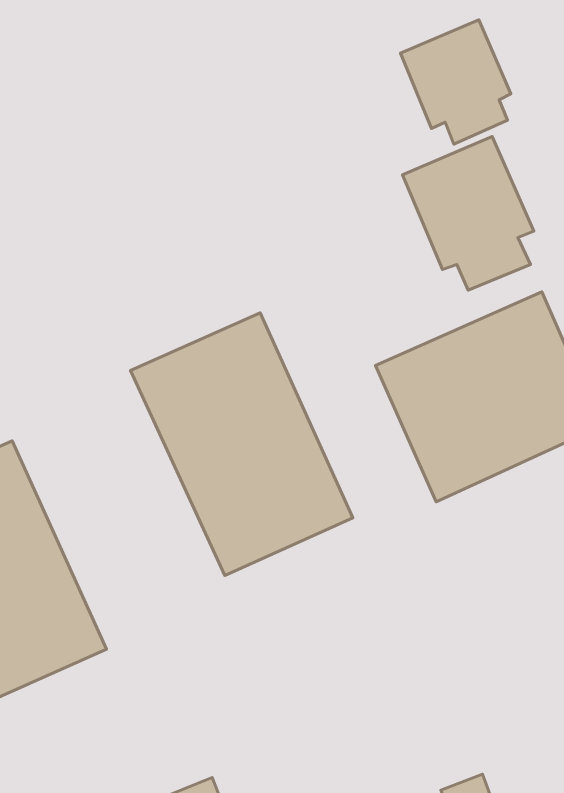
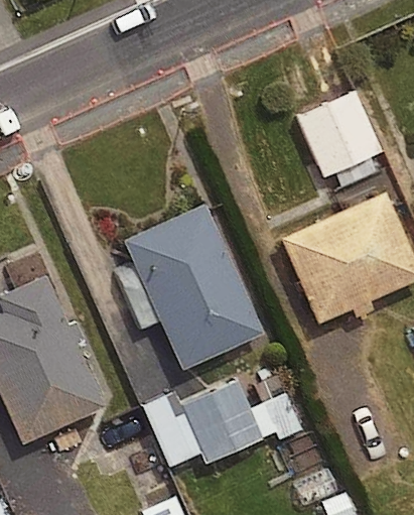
building: [400,20,511,144] -> none
building: none -> [139,380,299,470]

